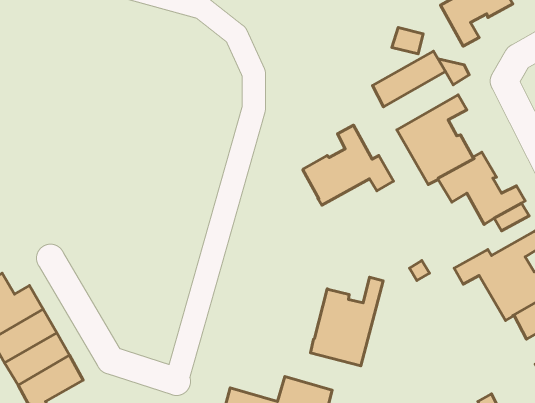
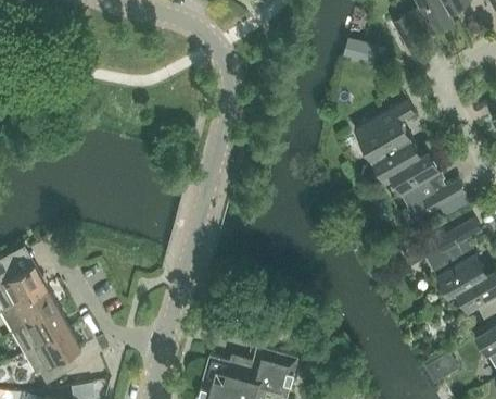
building: [372,51,445,107] -> none
building: [303,125,394,205] -> none
building: [310,277,383,366] -> none

